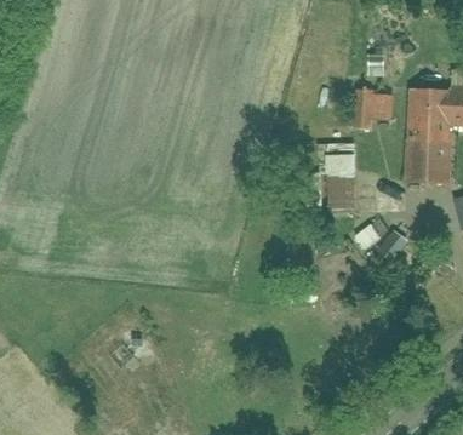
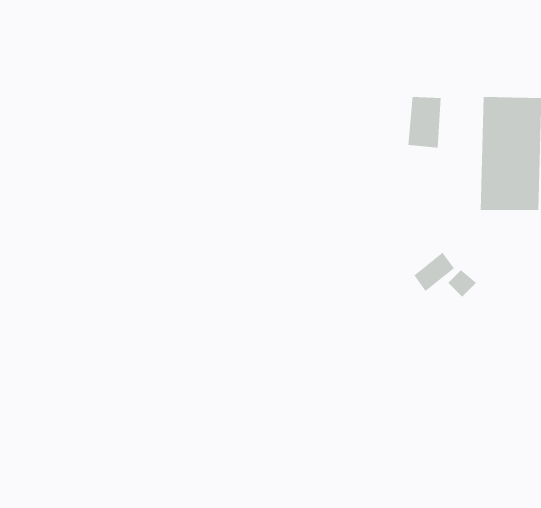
building: [324,153,355,210] -> none

